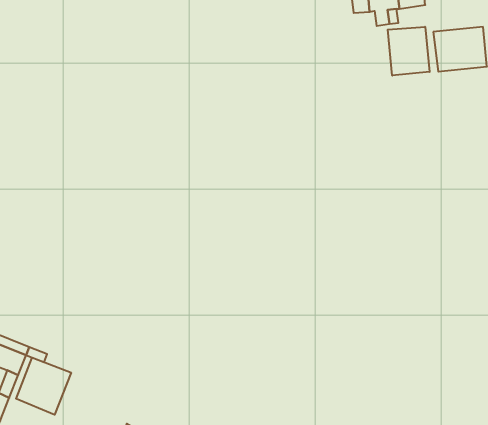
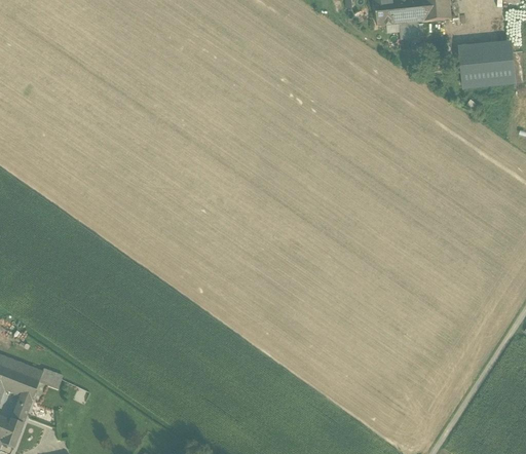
building: [388,27,430,76] -> none
building: [16,358,71,415] -> none

